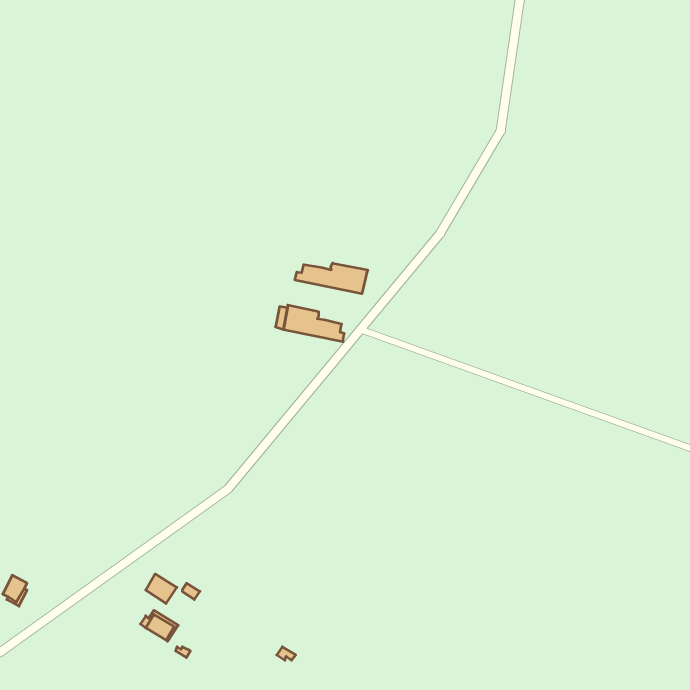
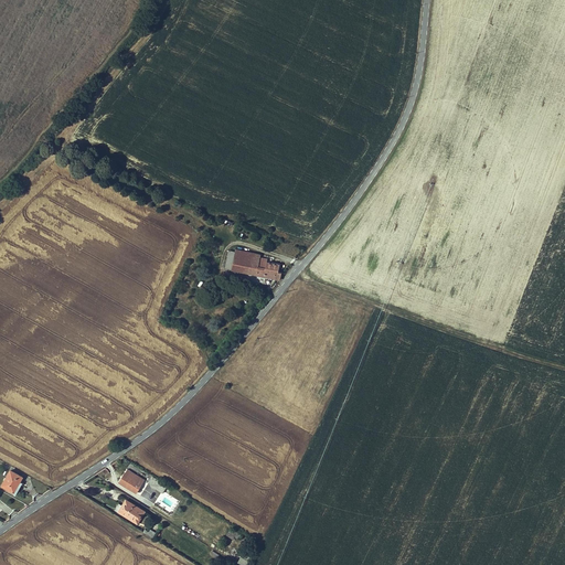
building: [295,263,368,294] -> none

